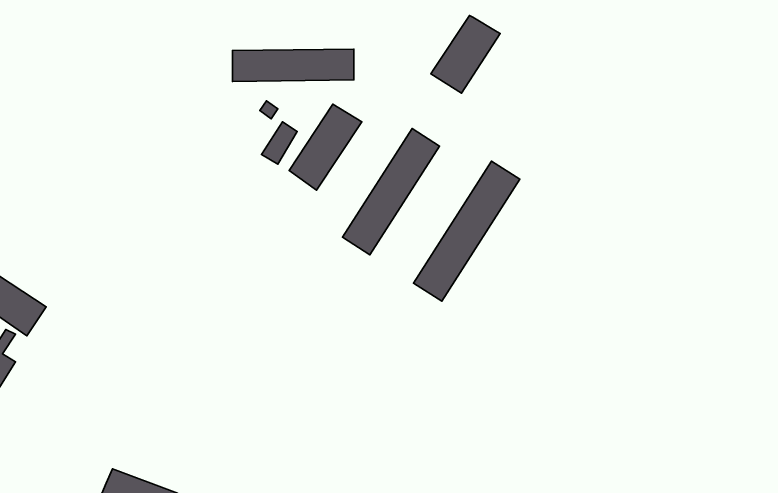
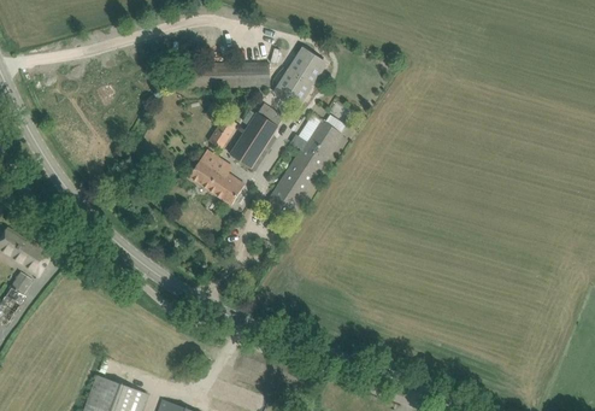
building: [431,16,500,93] -> [271,54,323,112]
building: [413,161,520,301] -> none
building: none -> [189,149,245,204]

